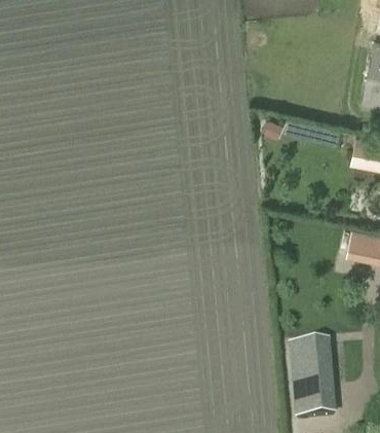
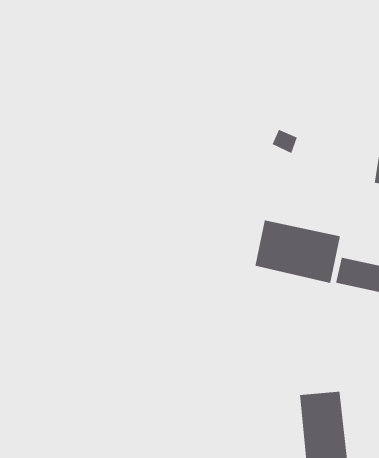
building: none -> [255,220,341,284]

